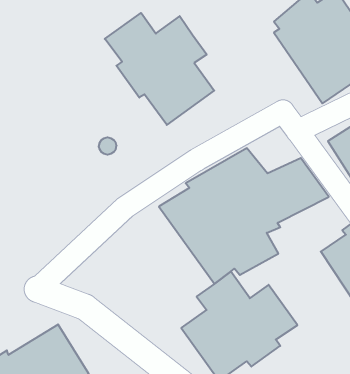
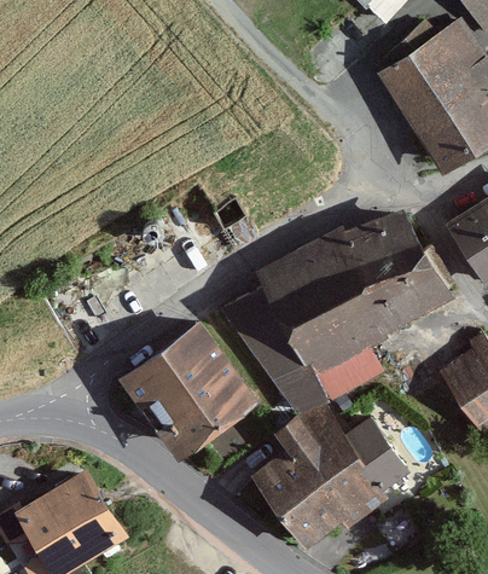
building: [105,13,214,125] -> none
building: none -> [341,210,413,266]
building: none -> [120,320,257,458]

